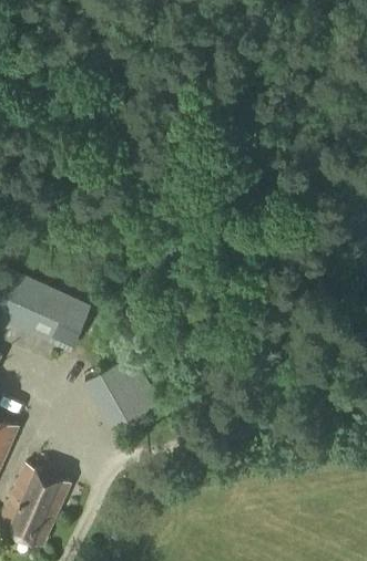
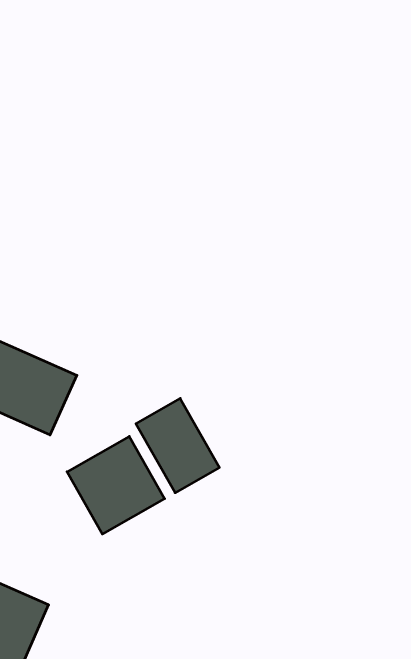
building: none -> [136,398,219,493]

